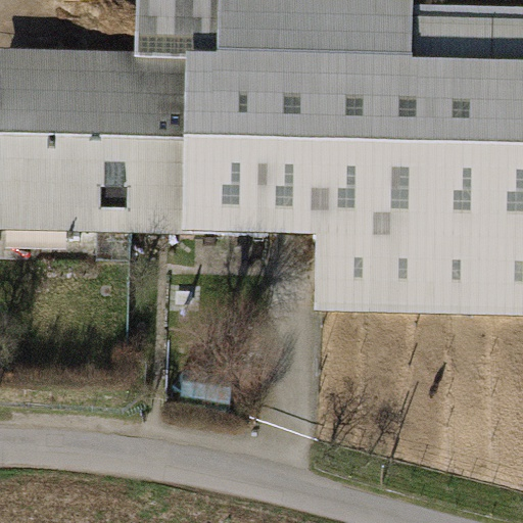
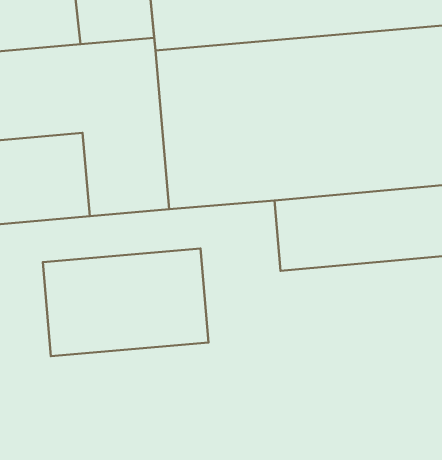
building: none -> [43,248,209,356]

